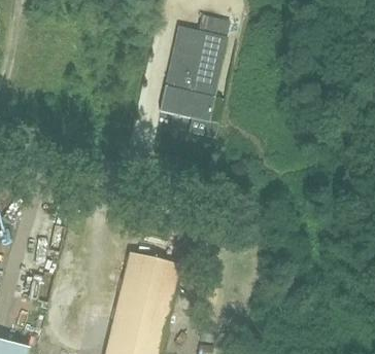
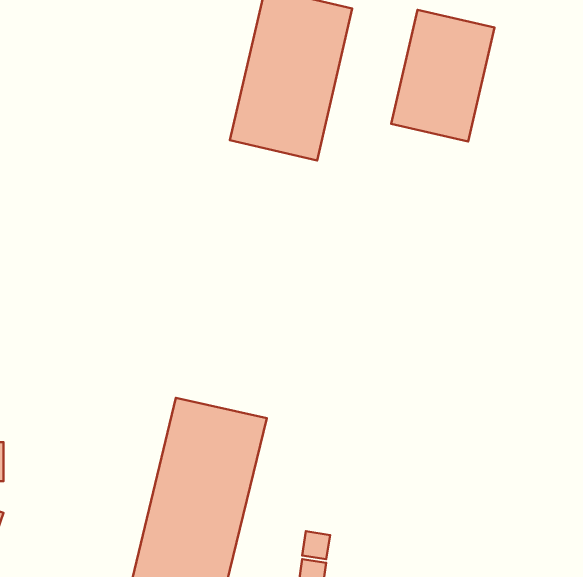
building: none -> [391,10,495,142]

